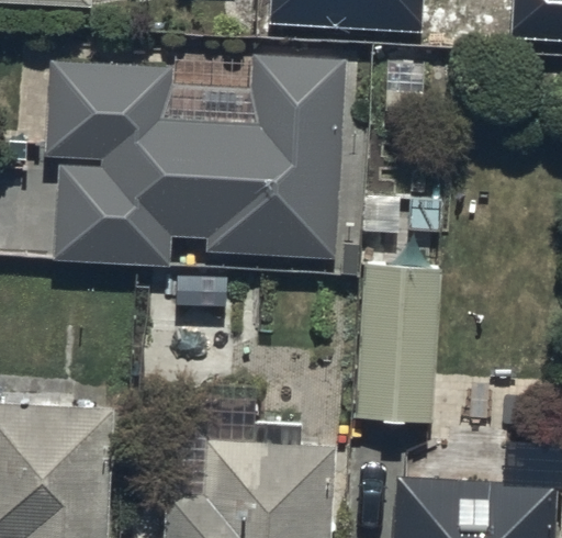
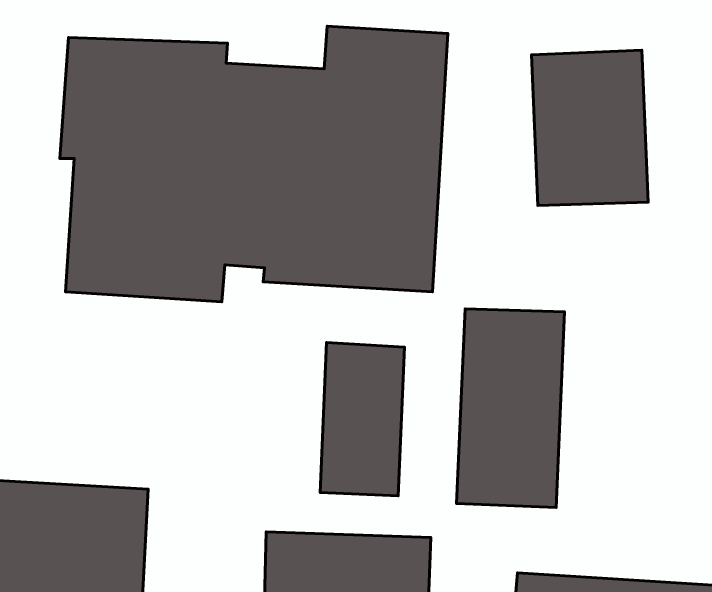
building: none -> [531,50,648,206]
building: none -> [320,343,405,496]

